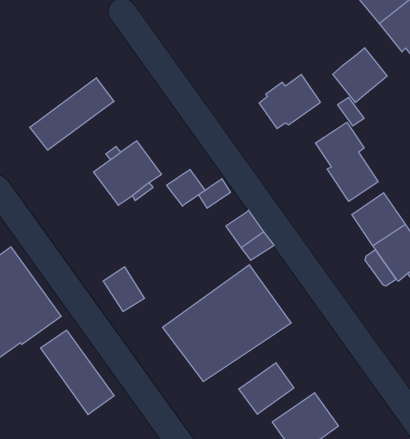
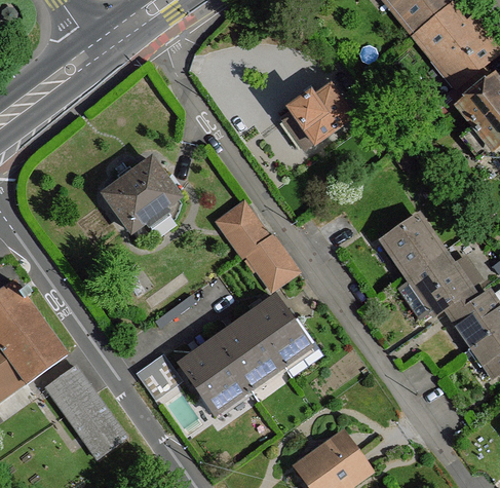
building: [333,48,387,103] -> none
building: [30,78,114,150] -> none
building: [316,122,378,201] -> none
building: [167,169,205,206] -> [226,216,268,256]
building: [103,267,145,311] -> [138,352,183,401]
building: [239,363,294,414] -> none

